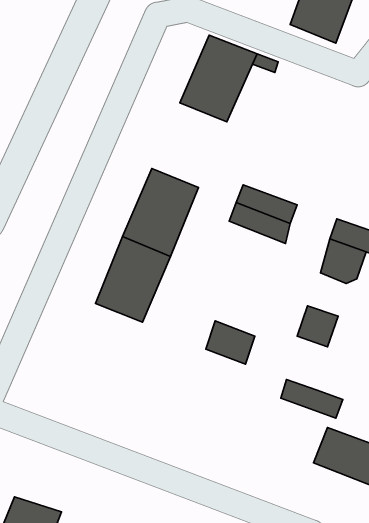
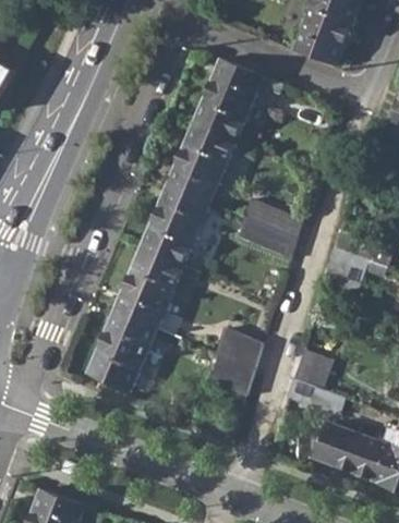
building: none -> [166,122,235,200]
building: none -> [85,308,157,392]
building: [297,306,338,347] -> [291,351,329,389]
building: none -> [207,351,253,392]

